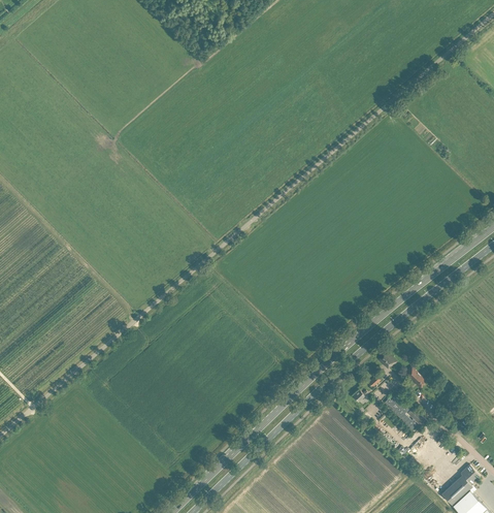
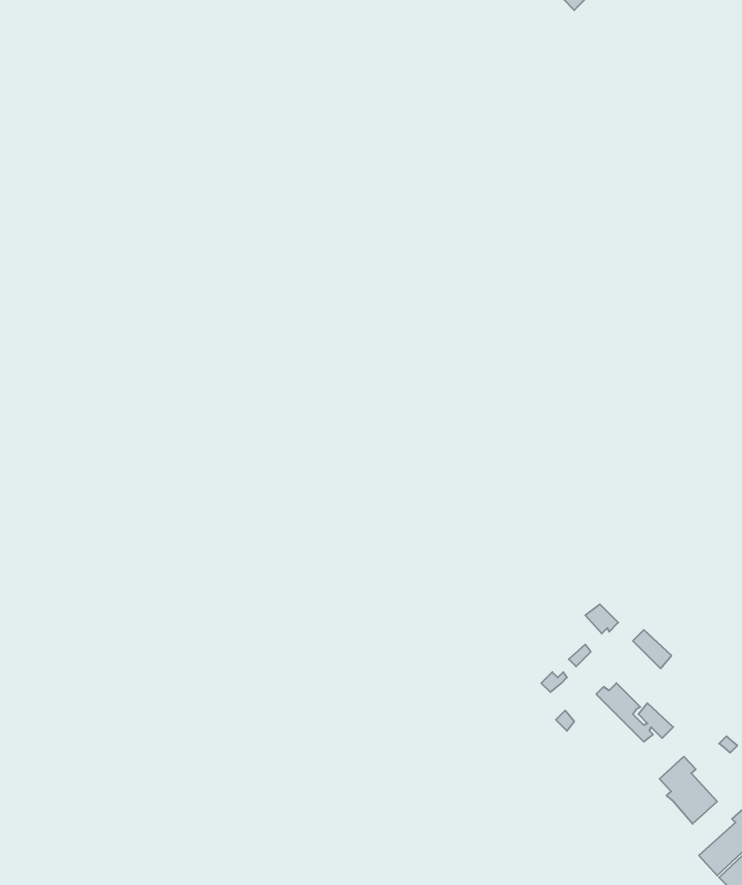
building: none -> [660,757,717,824]

